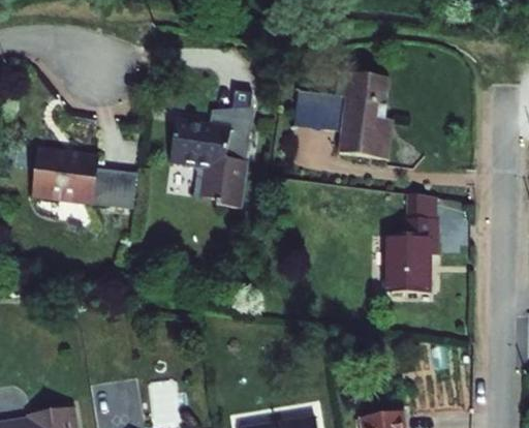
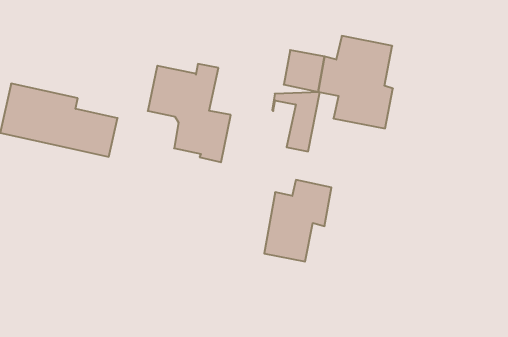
building: [208,102,251,159] -> [272,92,320,151]
building: [383,213,441,289] -> [264,180,331,262]

